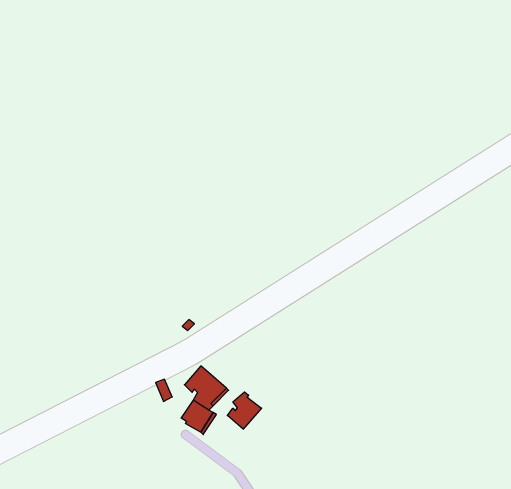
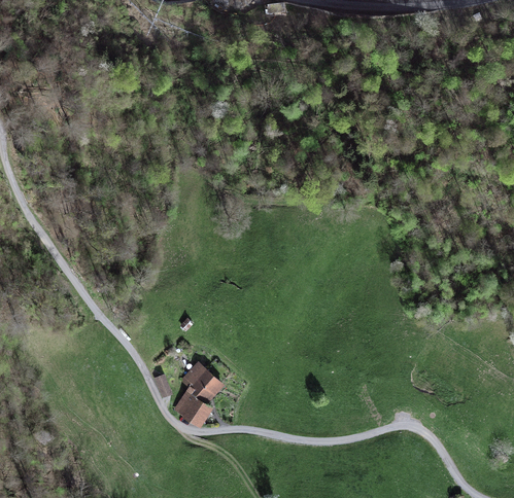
building: [227,392,262,429] -> none

